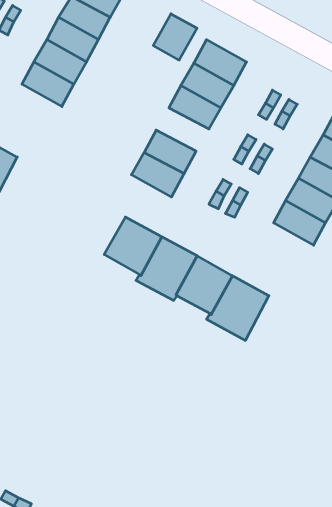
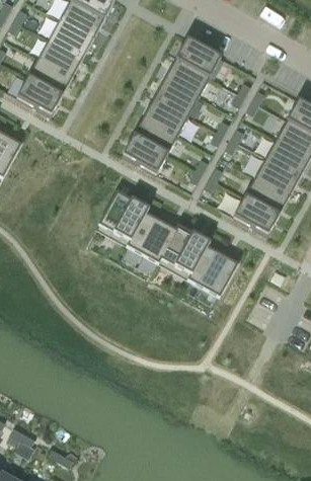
building: [153,14,197,60] -> none
building: none -> [15,79,61,118]
building: none -> [142,99,187,137]
building: none -> [232,198,278,238]

